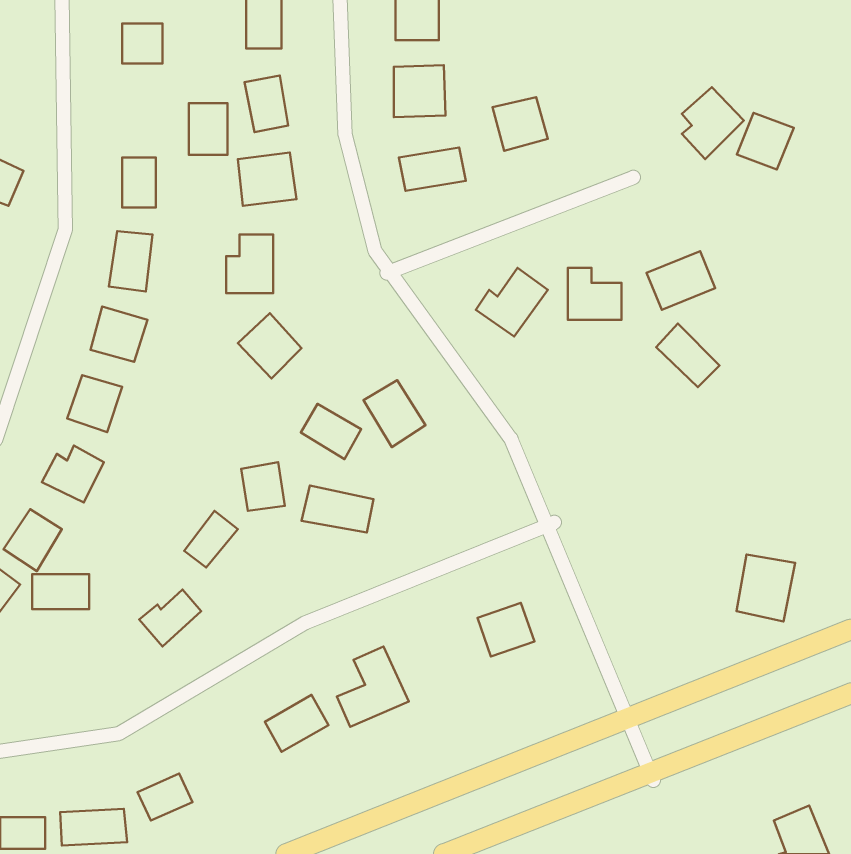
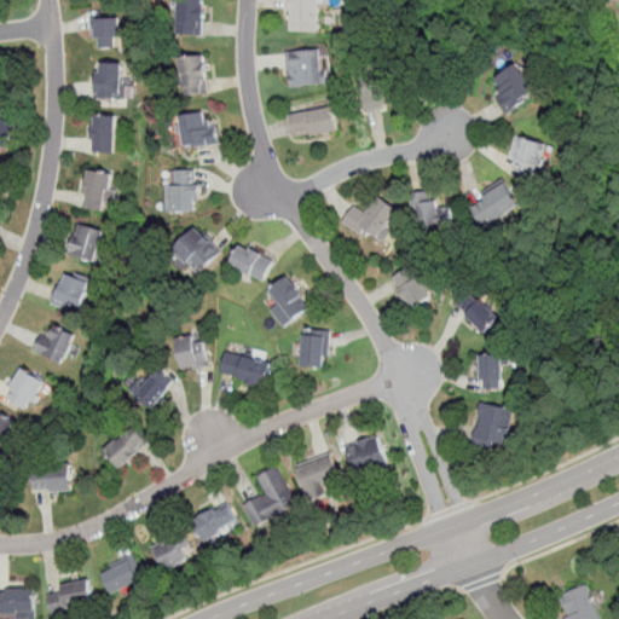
building: [189,103,227,155] -> [92,60,120,98]
building: [737,113,794,170] -> [504,135,545,177]
building: [656,324,720,387] -> [451,287,497,332]
building: none -> [388,265,428,310]
building: [301,404,361,459] -> [228,242,272,282]
building: none -> [300,331,324,366]
building: none -> [478,353,501,389]
building: [737,554,795,621] -> [470,401,513,450]
building: [32,574,89,609] -> [29,465,70,491]
building: none -> [295,452,337,499]
building: none -> [149,527,192,569]

